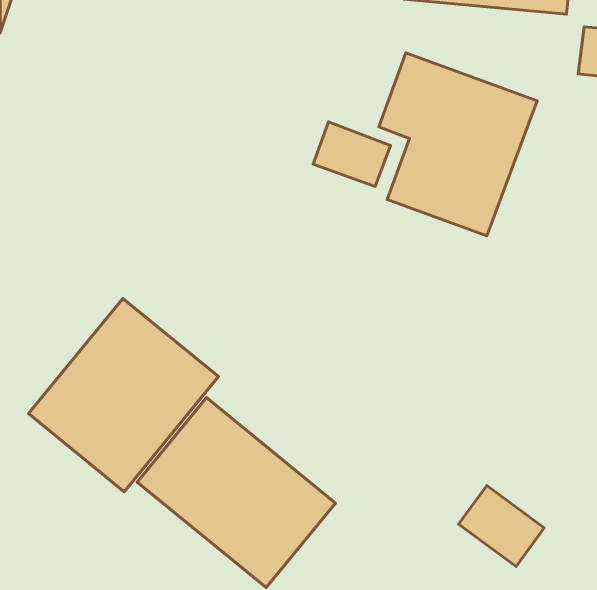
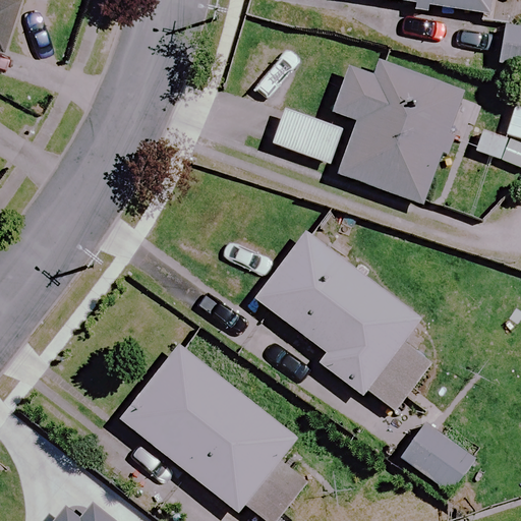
building: none -> [256,231,431,415]
building: [28,298,218,492] -> none

